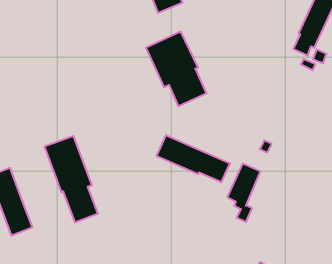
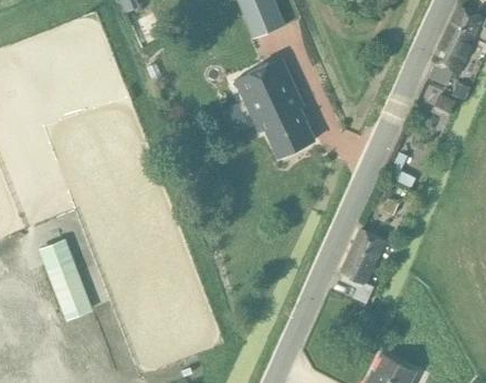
building: [156,135,230,182] -> none
building: [45,136,98,222] -> none

